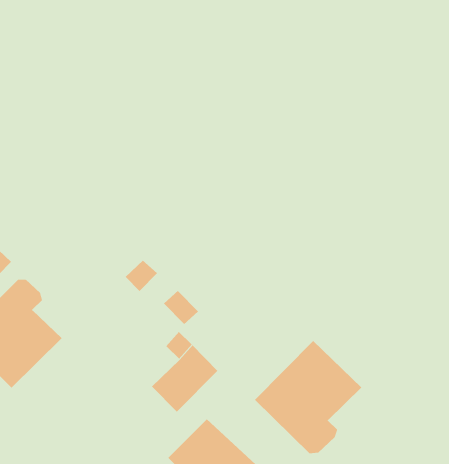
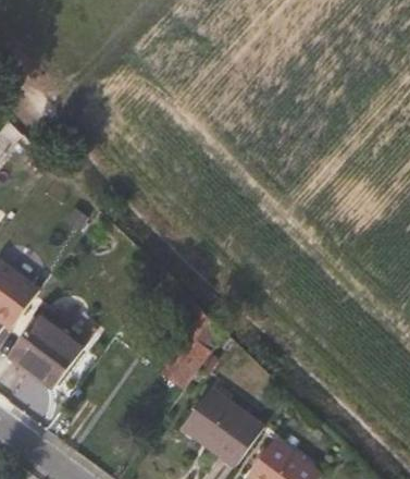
building: [254,340,362,454] -> none

